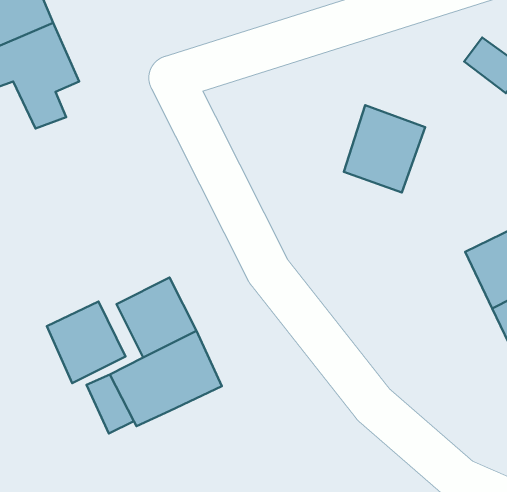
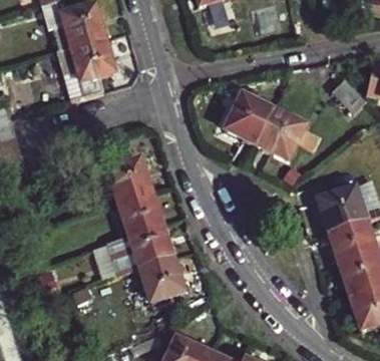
building: none -> [228,93,275,144]
building: [47,301,126,383] -> [109,157,151,202]
building: none -> [141,256,183,299]

